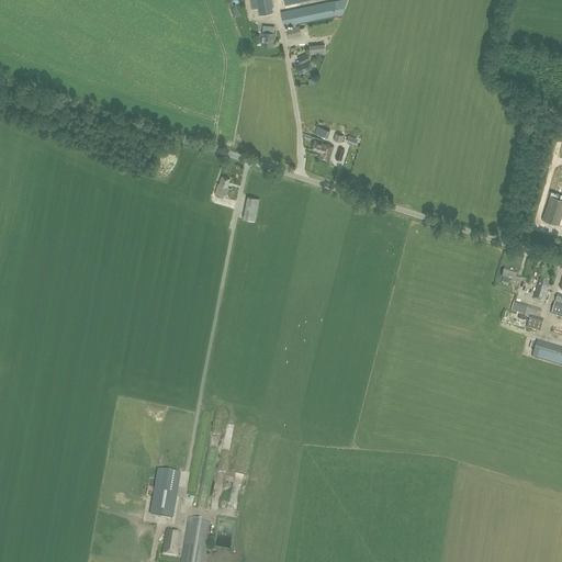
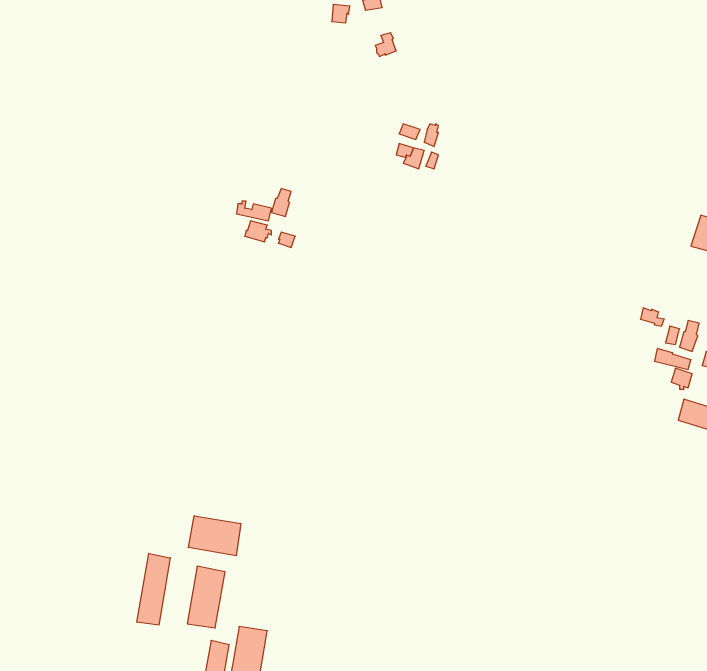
building: none -> [188,516,241,556]
building: none -> [137,553,170,625]

